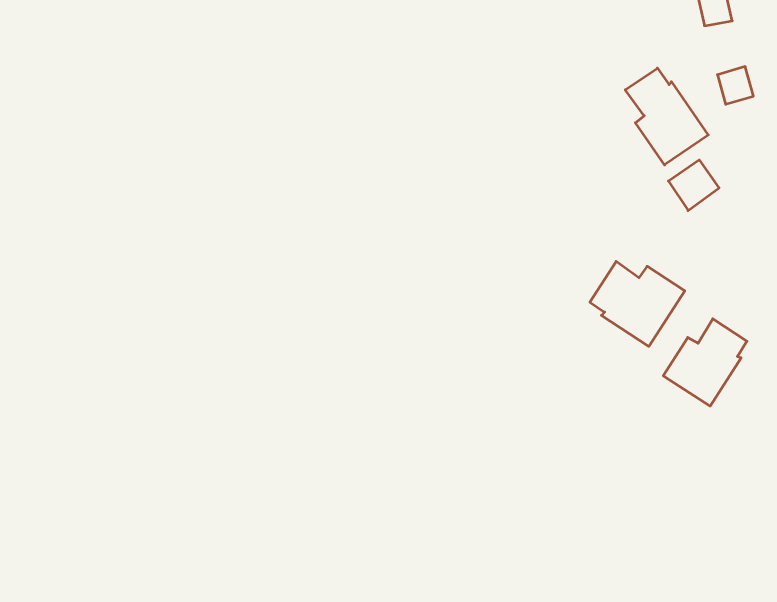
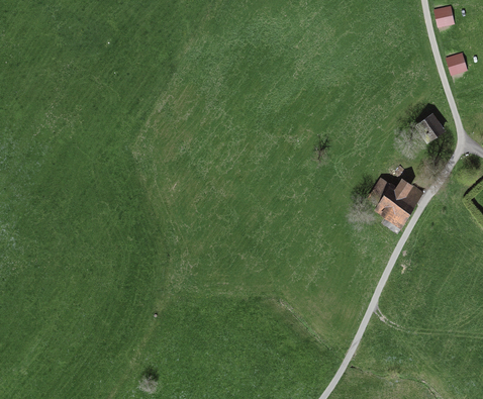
building: [625,68,708,165] -> none
building: [663,319,747,406] -> none

